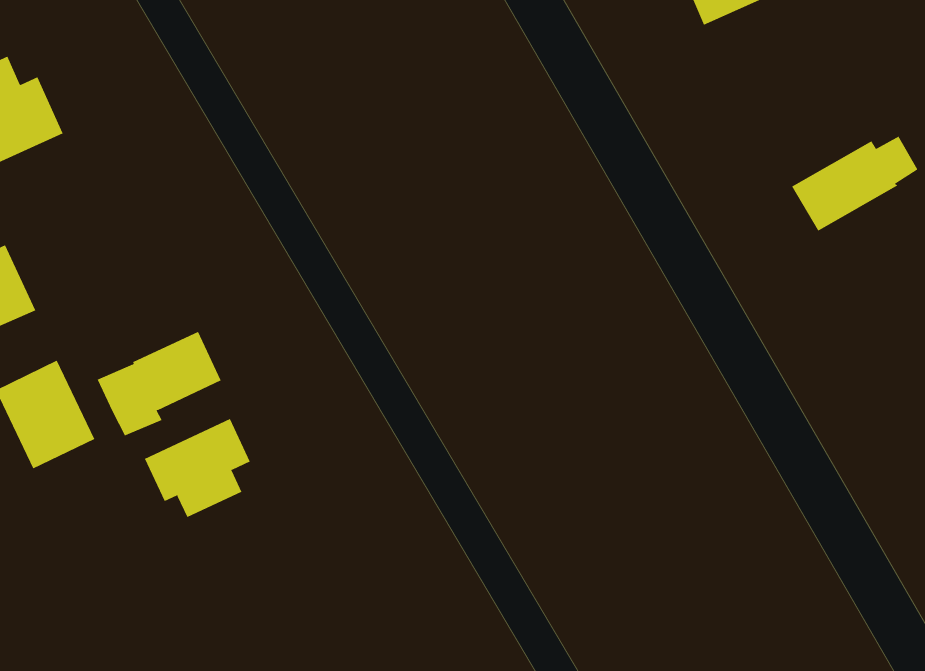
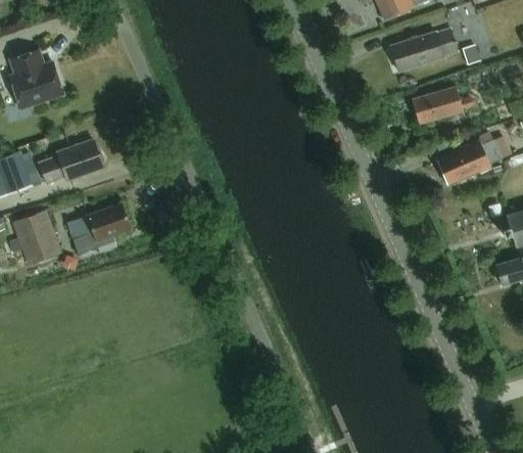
building: none -> [411,86,474,124]
building: none -> [40,139,102,182]
building: [144,418,250,518] -> none

